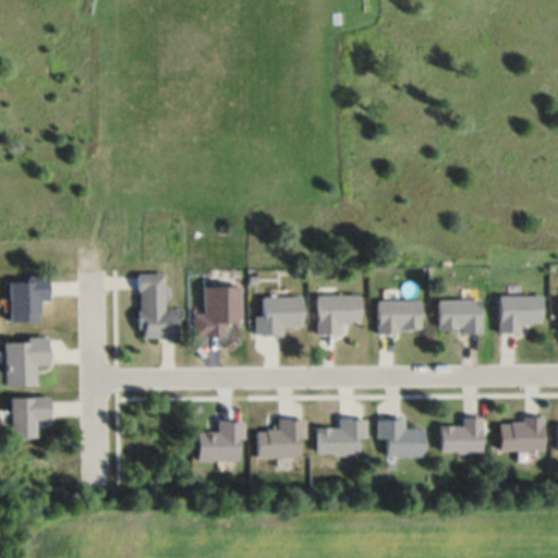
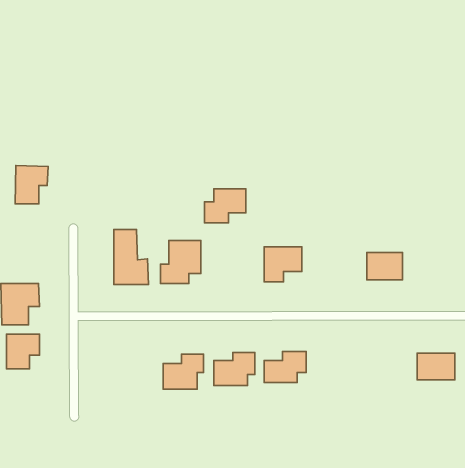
building: [12,277,51,323] -> [15,165,48,204]
building: [500,295,543,333] -> none
building: [256,296,305,337] -> [205,189,246,223]
building: [380,301,423,333] -> none
building: [441,418,483,453] -> none
building: [378,420,425,459] -> none

